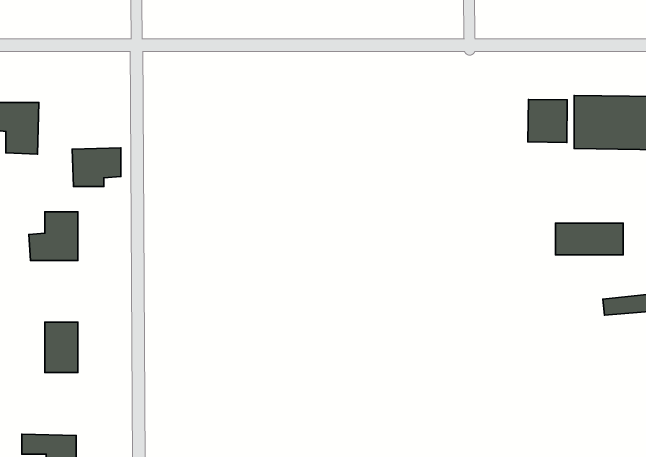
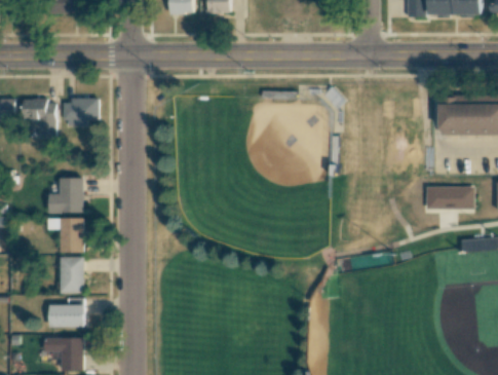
building: [528,99,567,142] -> none
building: [72,148,121,186] -> [64,99,99,126]
building: none -> [47,218,84,253]
building: none -> [49,304,84,327]

